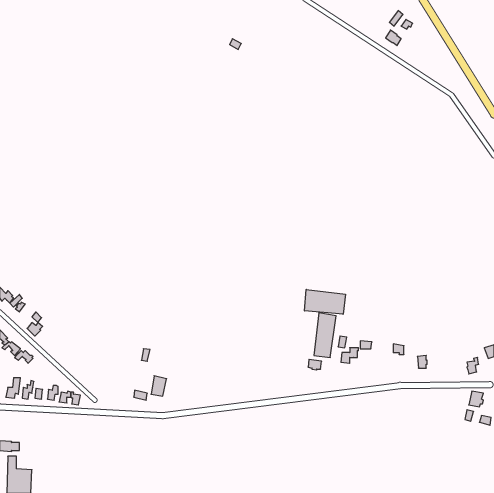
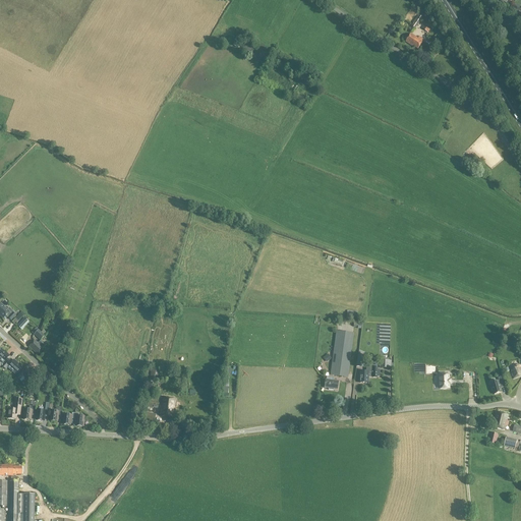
building: [305,289,345,314] -> none

